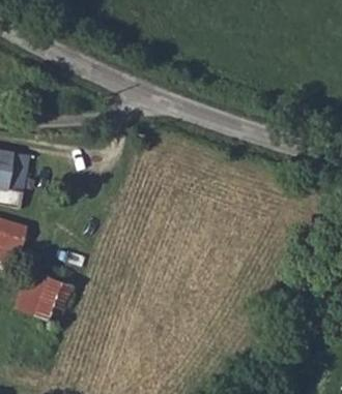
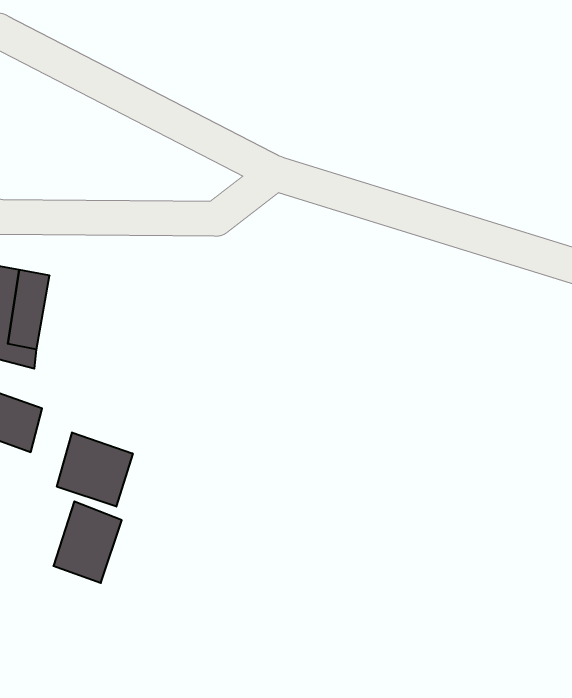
building: none -> [57,432,133,507]

